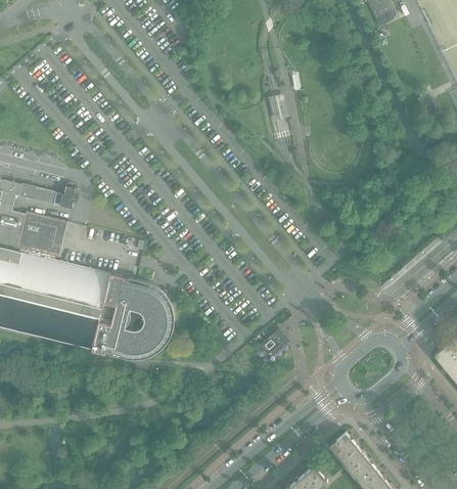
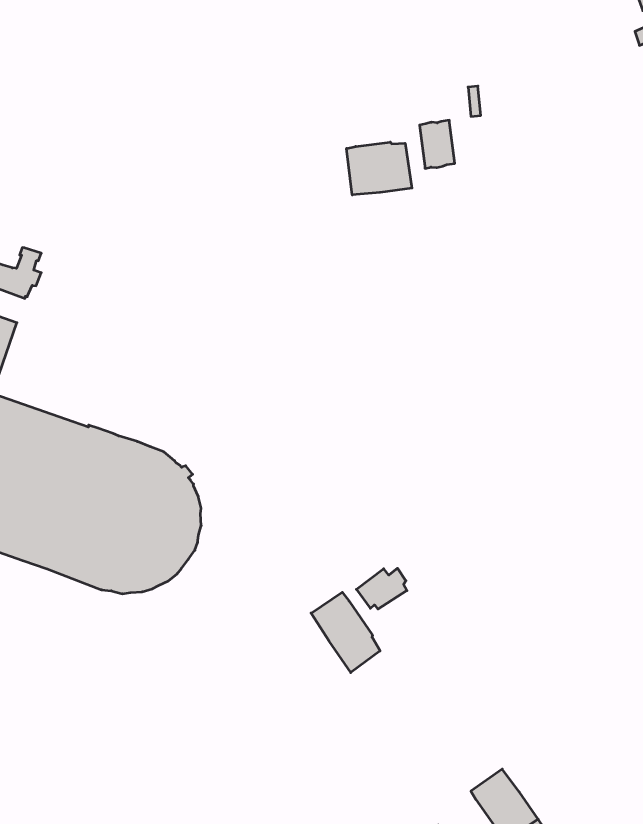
building: none -> [347,142,412,195]
building: none -> [311,592,380,673]

